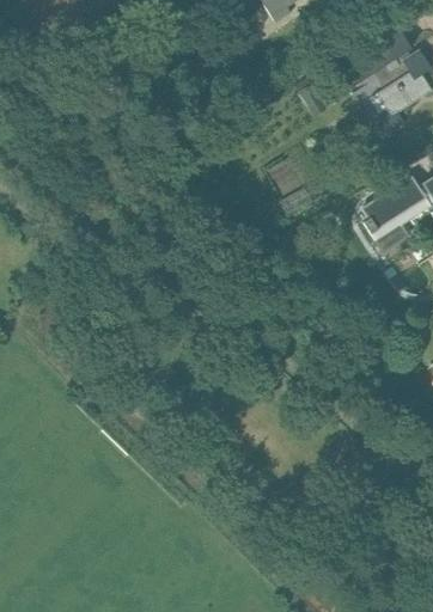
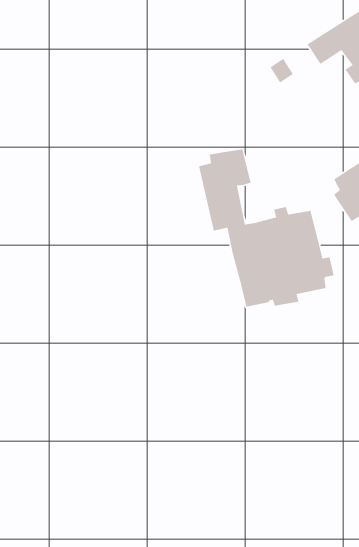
building: none -> [198,148,334,308]

